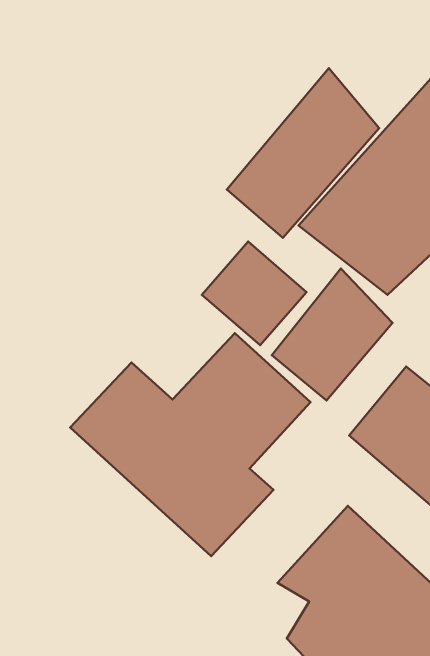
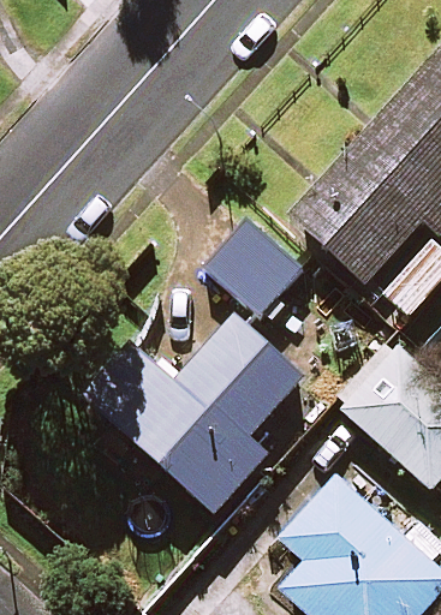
building: [227,68,379,238] -> none
building: [272,268,392,401] -> none

